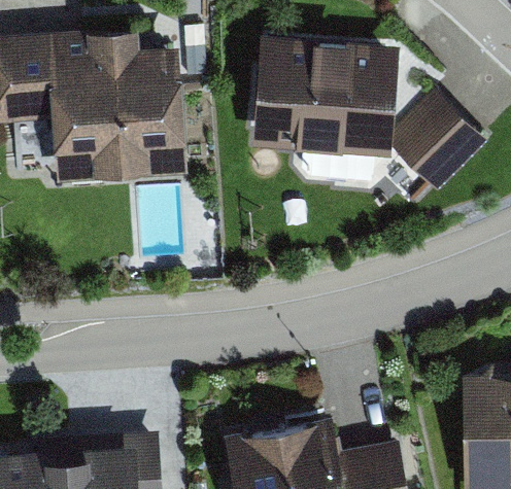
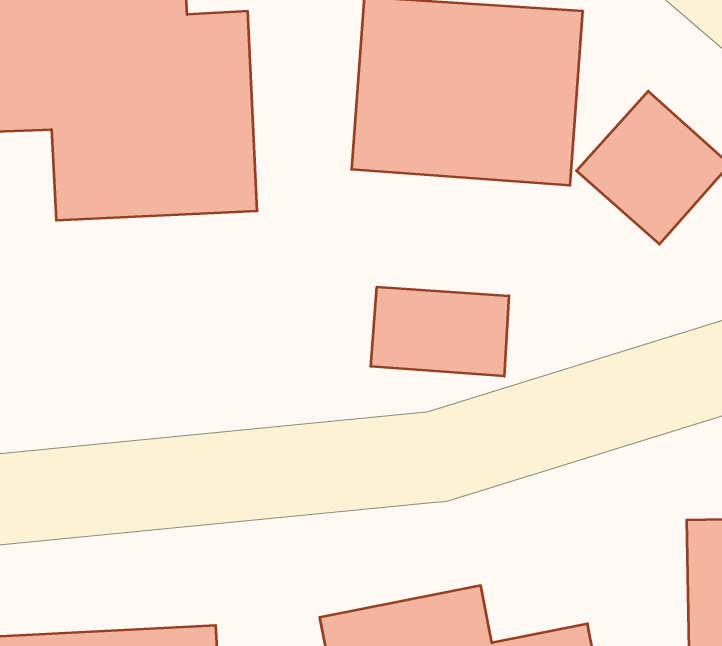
building: none -> [371,287,509,376]

